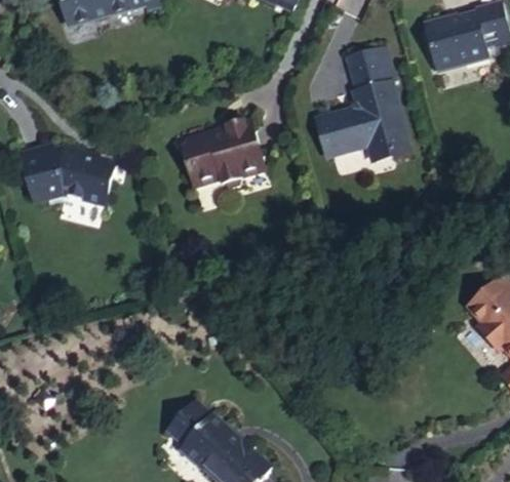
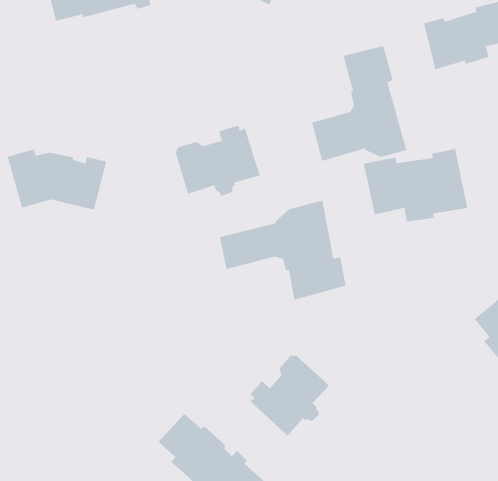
building: none -> [363,148,468,222]
building: none -> [220,200,346,300]
building: none -> [249,355,330,436]

